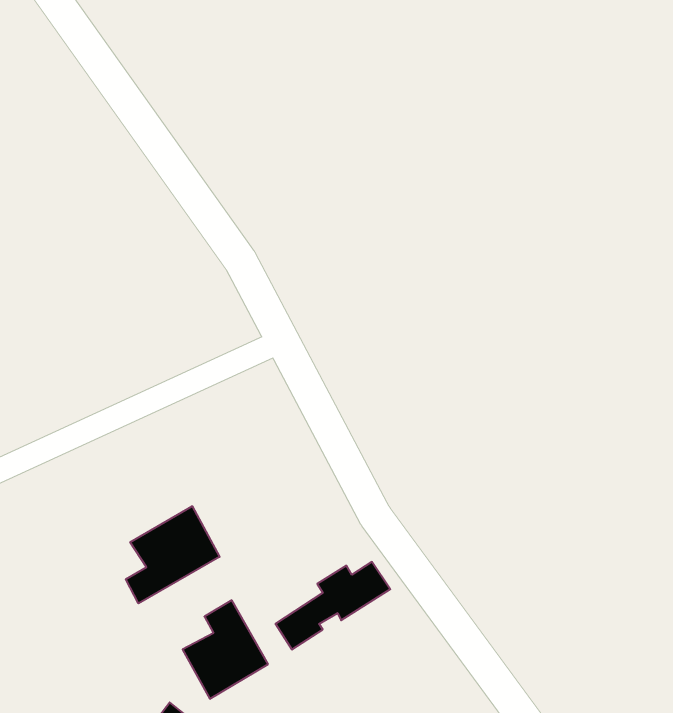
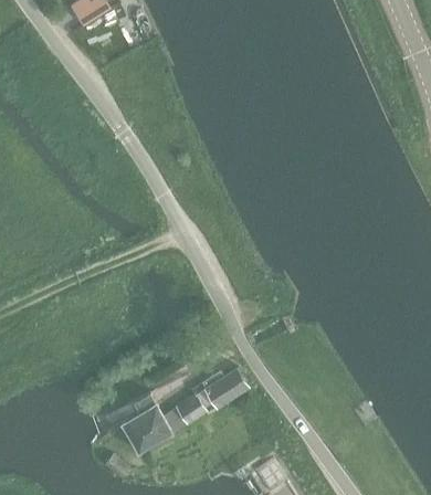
building: [126,506,220,603] -> none

